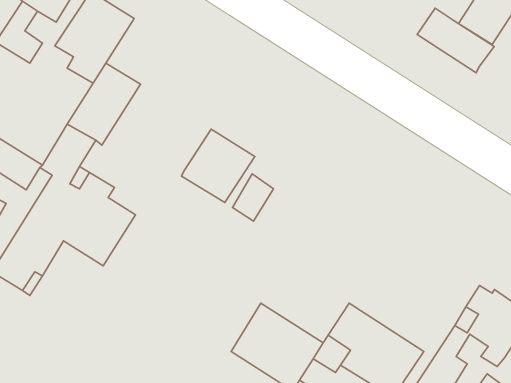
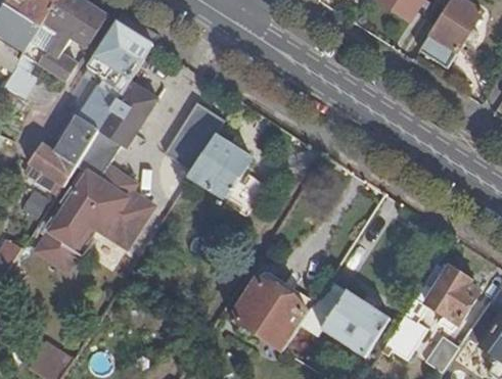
building: [417,8,494,73] -> none
building: none -> [55,85,119,164]
building: none -> [166,101,226,170]

